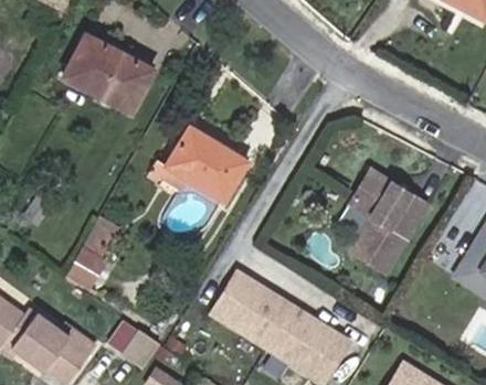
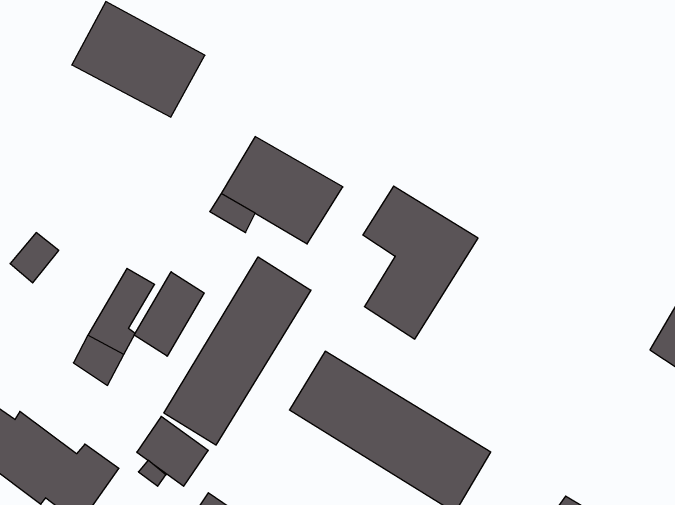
building: [349,169,427,272] -> [363,186,478,339]
building: none -> [164,257,311,445]
building: none -> [134,272,204,356]

